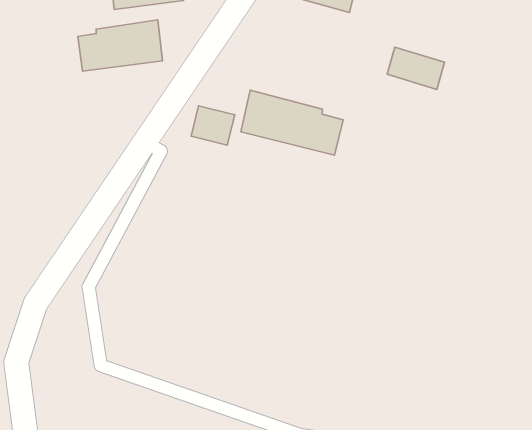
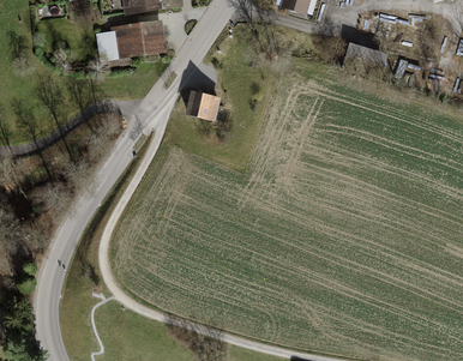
building: [241,90,343,155] -> none

